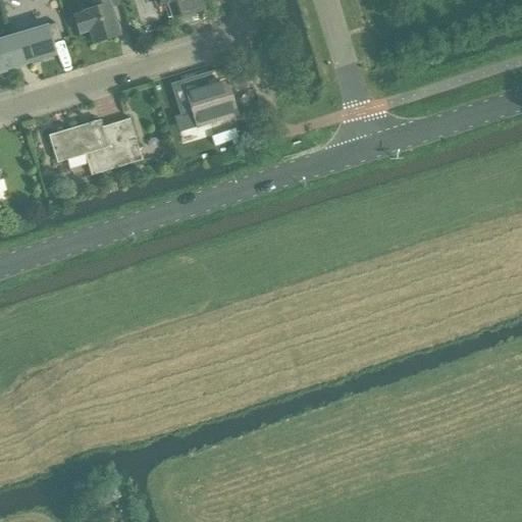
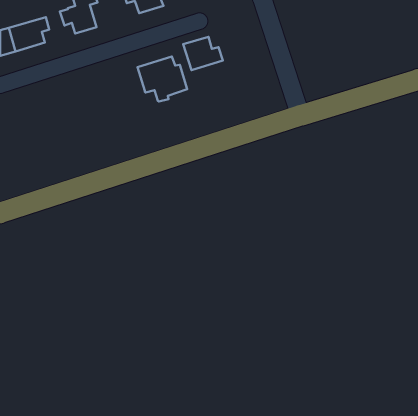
building: none -> [183,37,223,70]
building: [48,118,141,174] -> none

